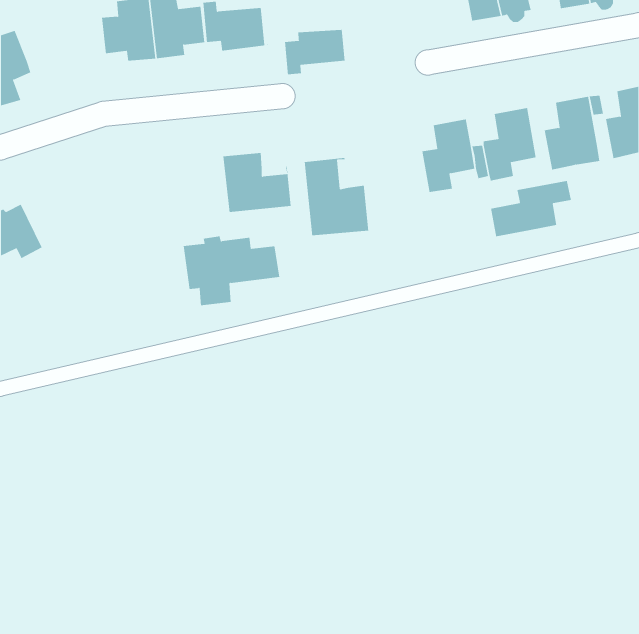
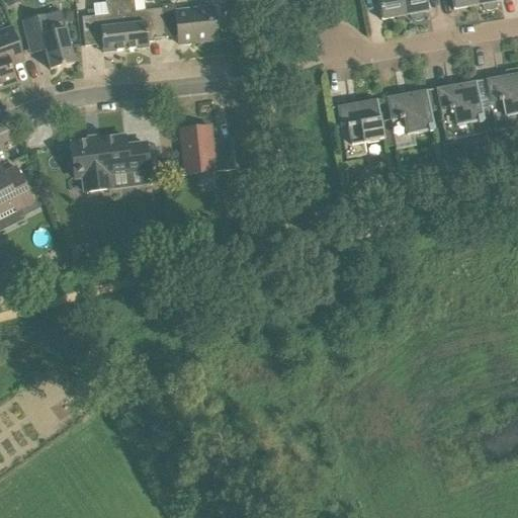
building: none -> [23,8,75,67]
building: [284,29,346,75] -> none
building: [304,157,369,236] -> none
building: [491,180,571,237] -> none
building: [183,236,280,306] -> [71,133,150,189]

